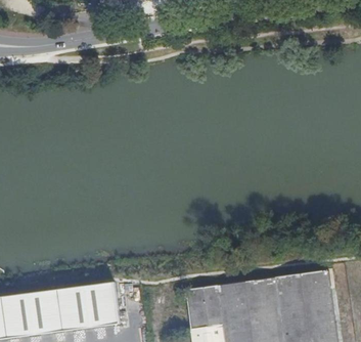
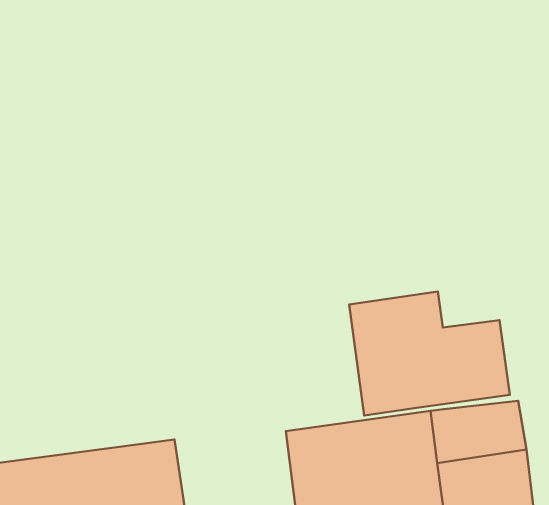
building: none -> [349,291,510,416]

